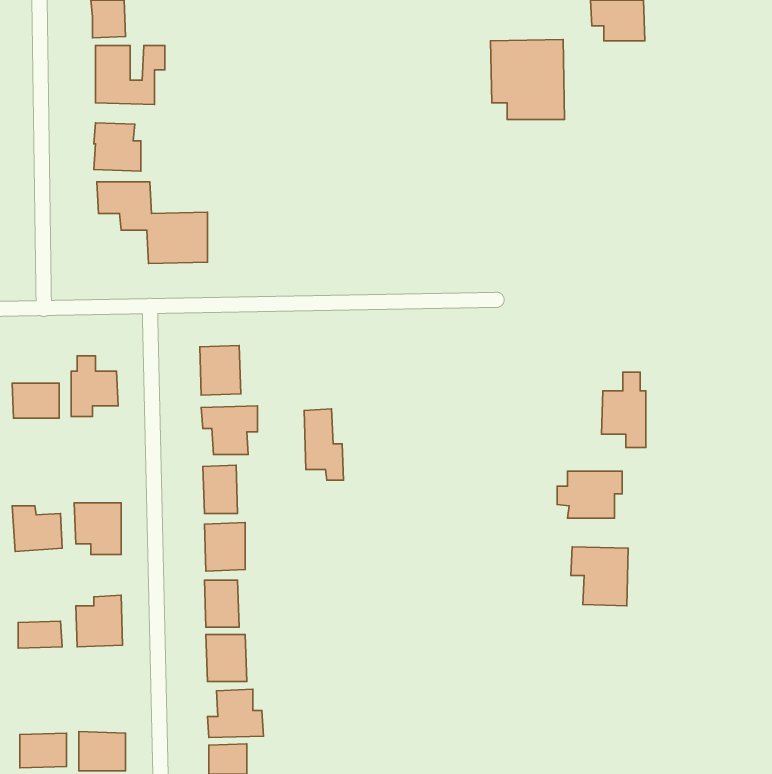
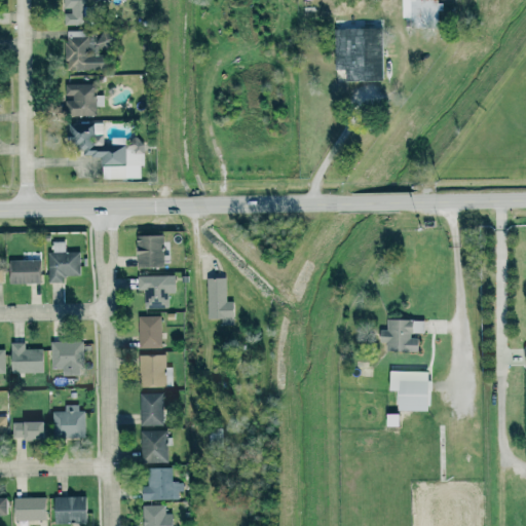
building: [601,372,646,447] -> none

